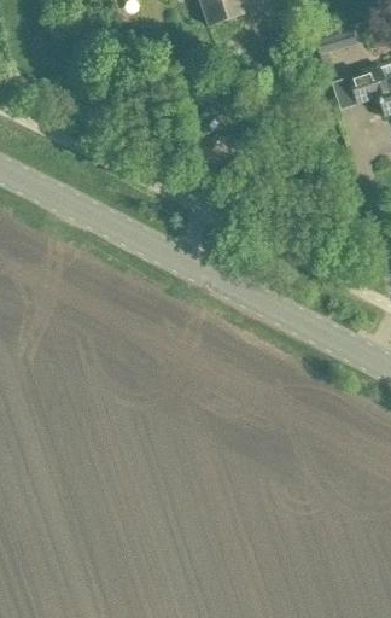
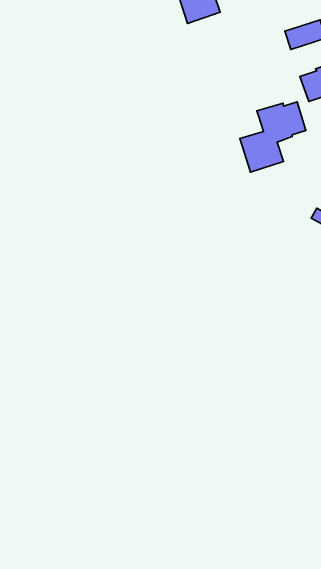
building: none -> [240,102,306,172]

